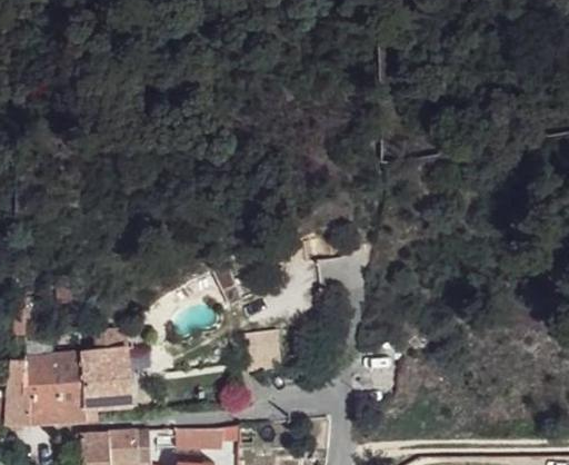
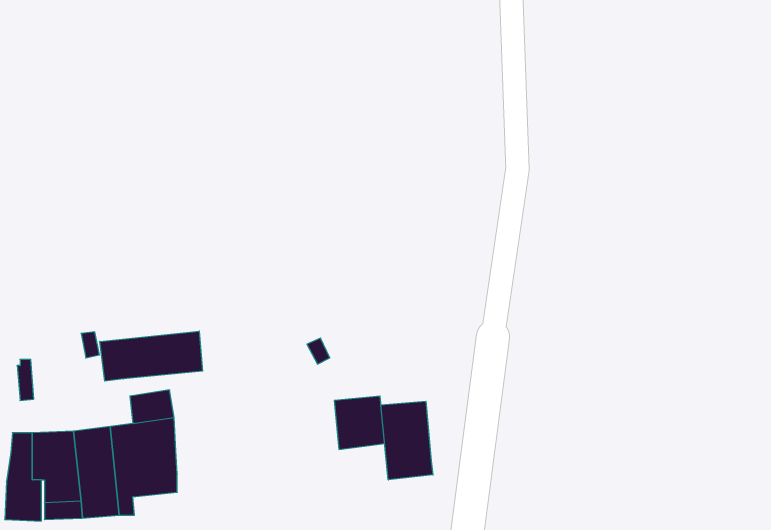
building: none -> [100,331,202,381]
building: none -> [381,401,433,480]

